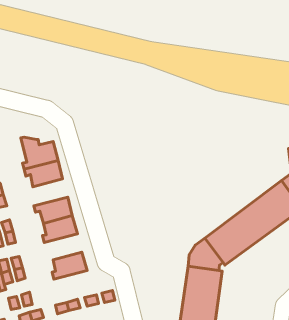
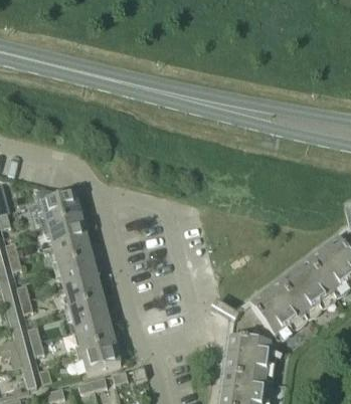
building: none -> [51,235,93,266]
building: none -> [65,298,109,329]
building: none -> [76,341,121,371]

